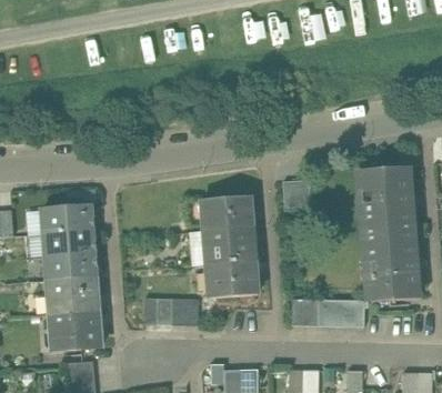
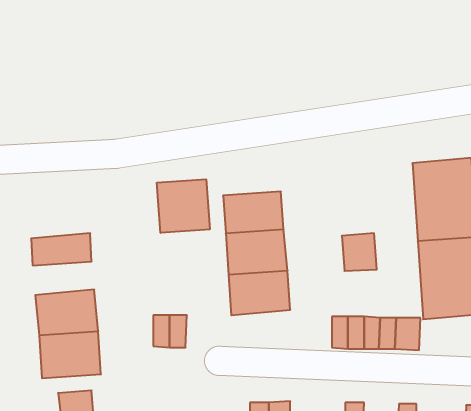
building: [282,179,311,210] -> [342,233,377,271]
building: none -> [157,179,210,233]
building: [41,206,92,234] -> none
building: [44,253,96,281] -> none
building: [171,298,199,324] -> none

